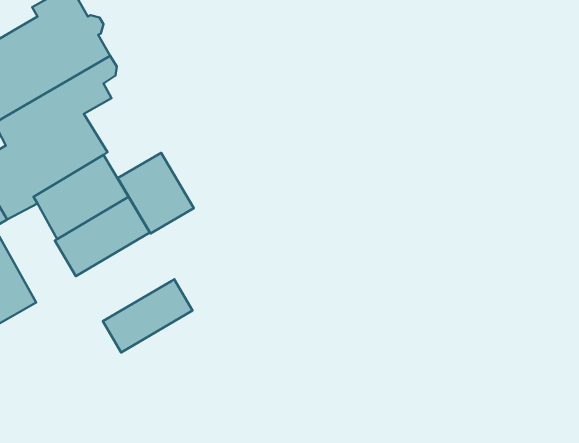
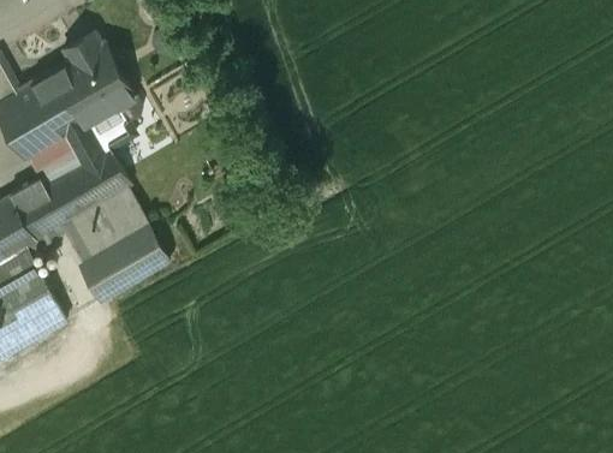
building: [118,153,194,234] -> none
building: [103,279,192,352] -> none

